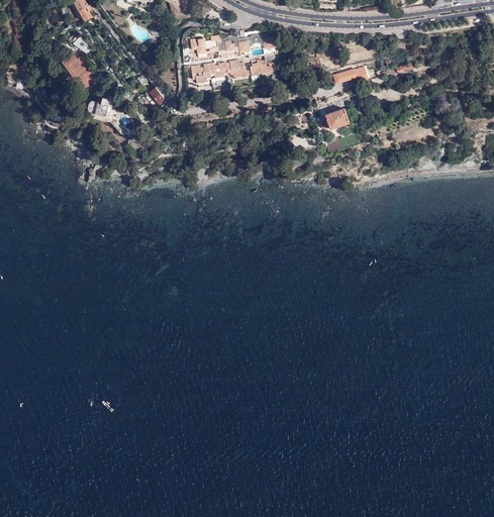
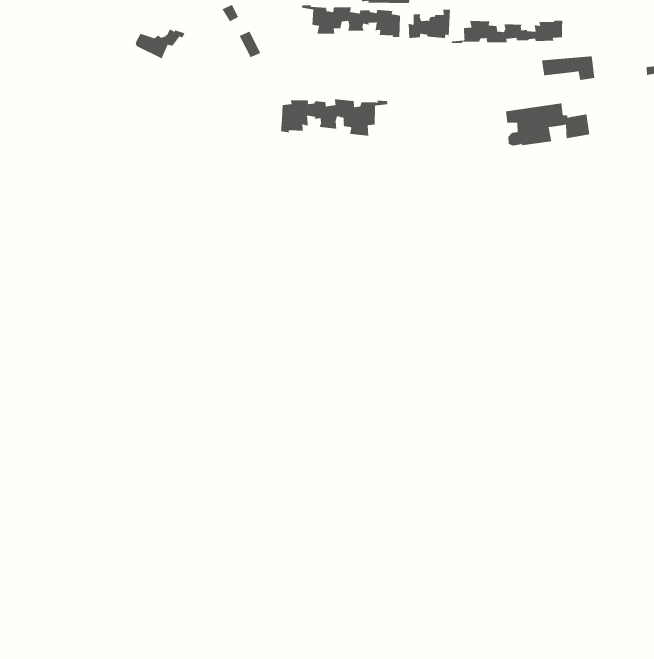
building: none -> [451,20,563,44]
building: none -> [280,98,388,136]

